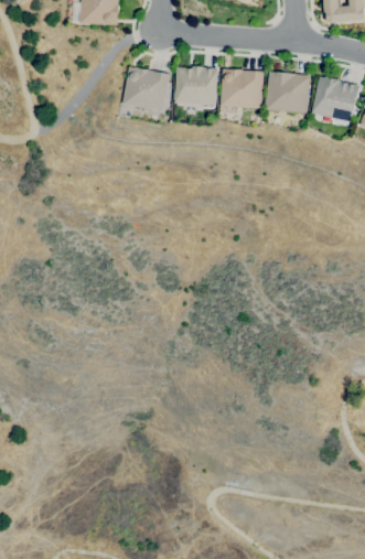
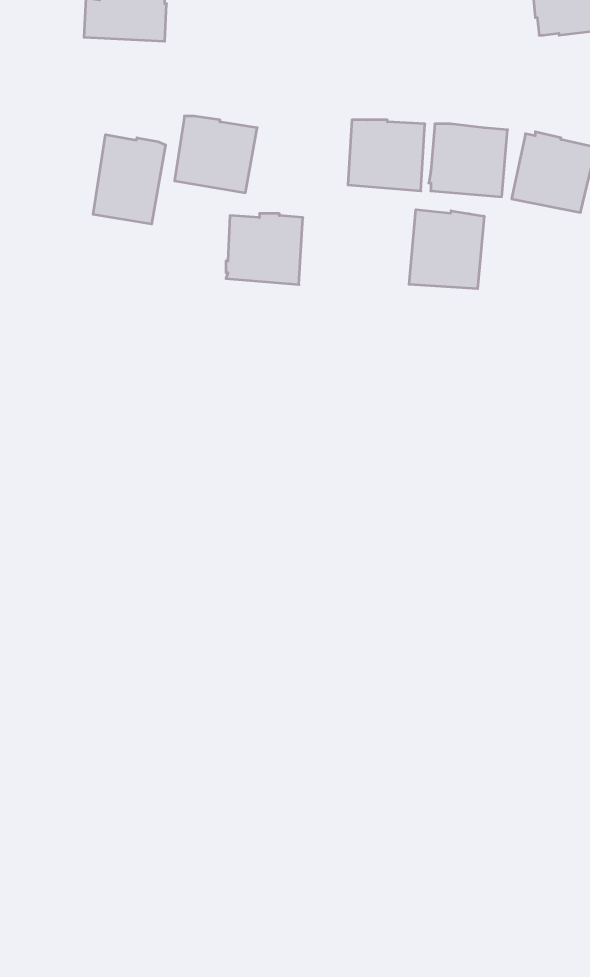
building: [174,66,217,106] -> [226,214,303,285]
building: none -> [93,135,166,224]
building: none -> [409,210,484,289]

